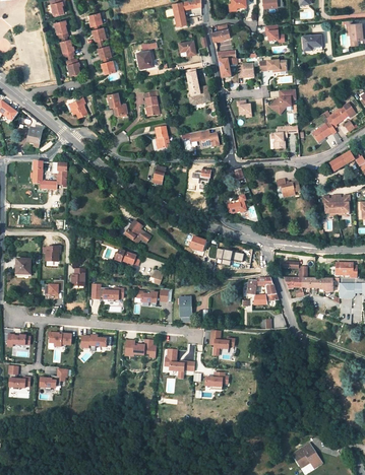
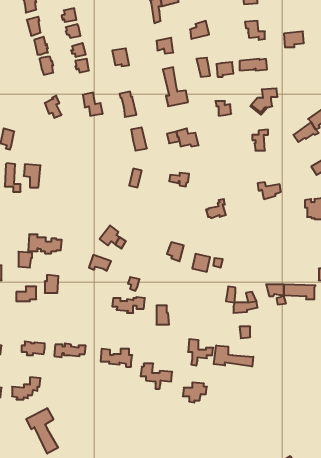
building: [90,282,123,300] -> [28,234,62,253]
building: none -> [214,345,253,367]
building: none -> [26,408,58,454]

